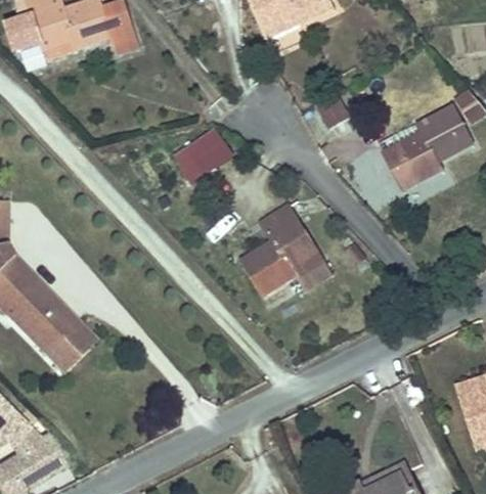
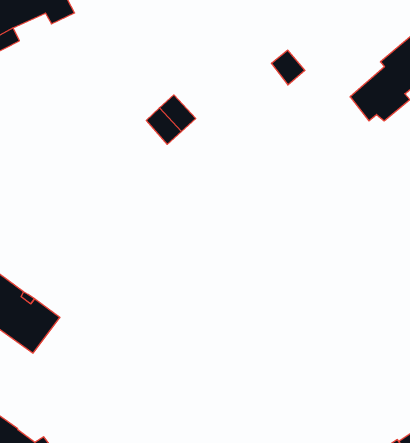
building: [239,203,322,291] -> none
building: [45,320,90,365] -> none

